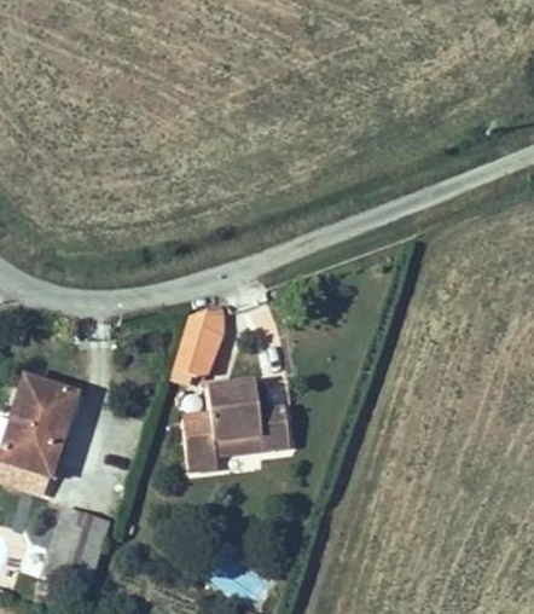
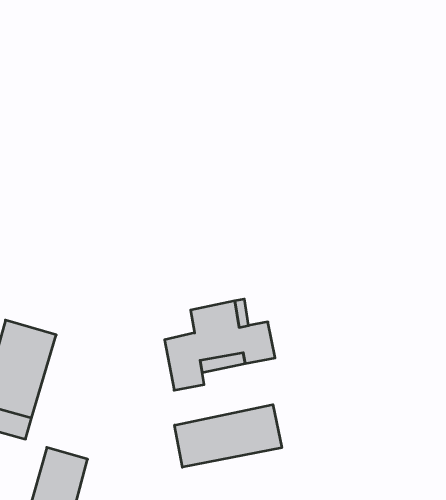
building: [180,297,233,370] -> none
building: none -> [175,405,282,467]

